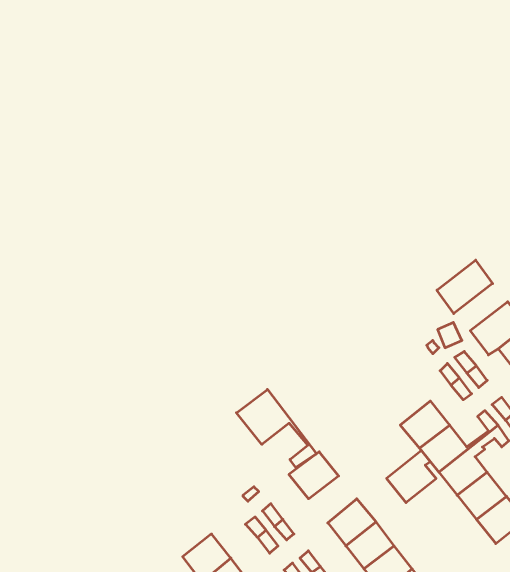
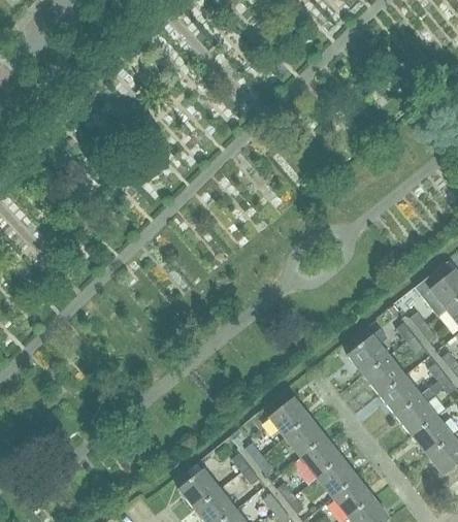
building: [437,260,493,314] -> none
building: [236,389,316,468] -> none
building: [387,451,436,503] -> [347,331,389,376]
building: none -> [285,419,326,459]

